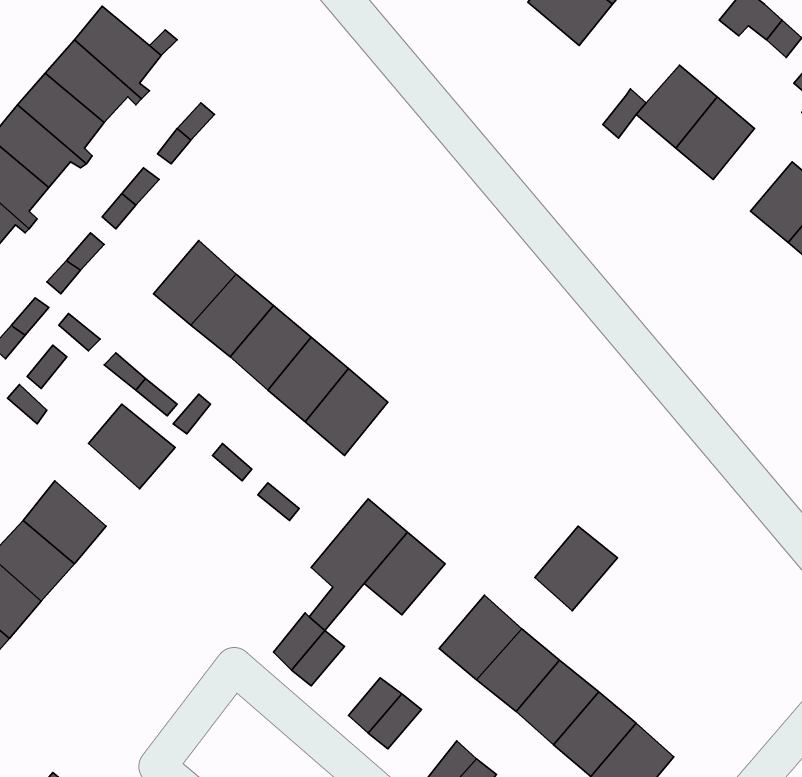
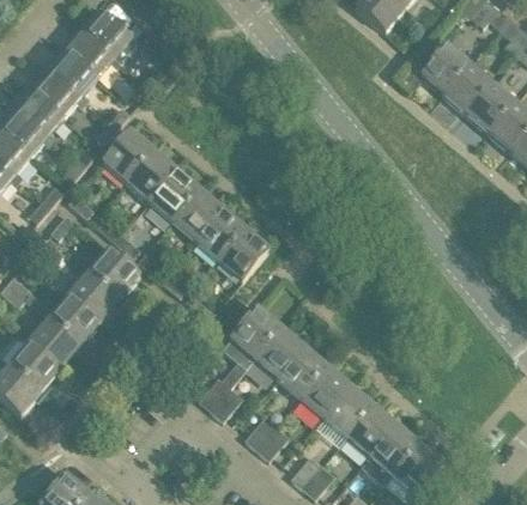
building: none -> [467,81,515,132]
building: none -> [103,129,155,182]
building: none -> [67,273,119,323]
building: [535,526,618,611] -> [278,346,328,397]

